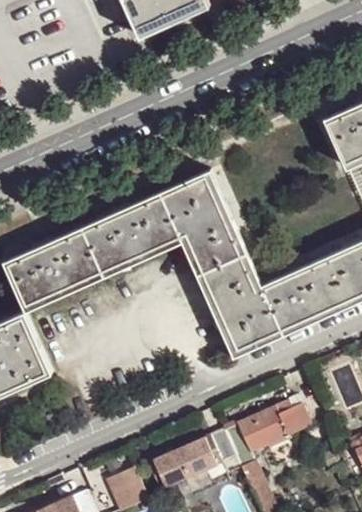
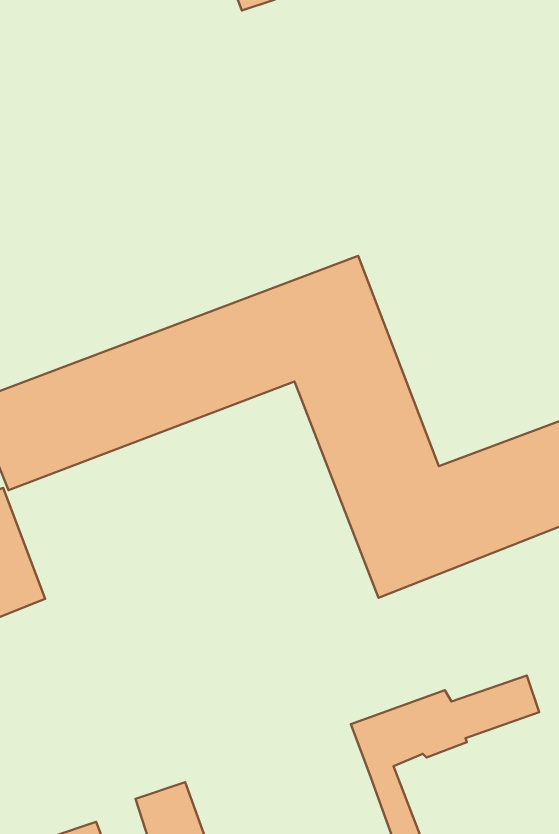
building: [148,430,235,491] -> none

